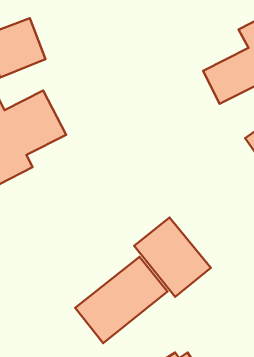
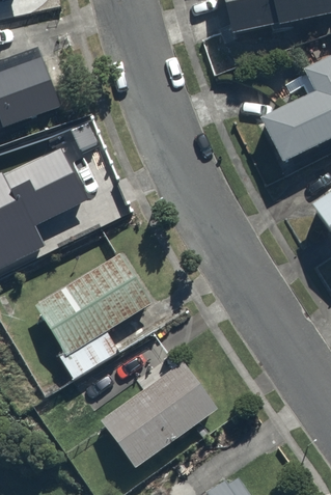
building: none -> [35,253,150,380]
building: [134,218,211,297] -> none

